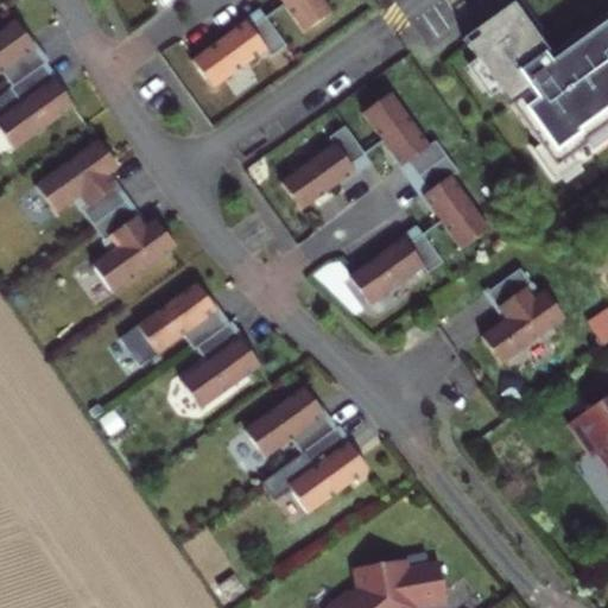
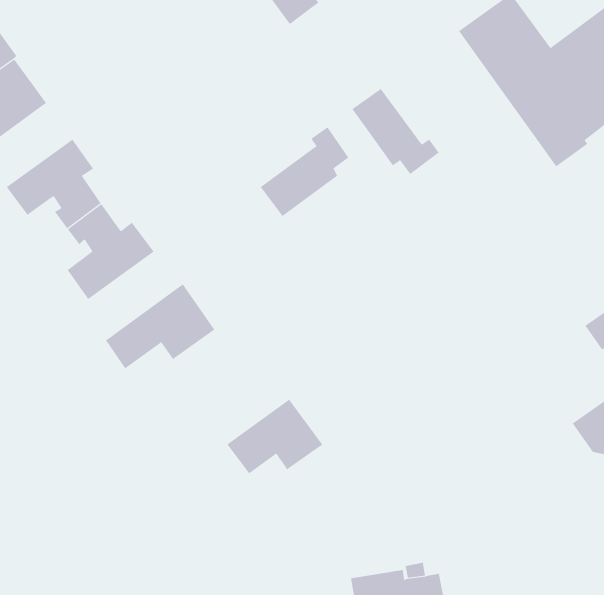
building: [190,14,285,87] -> none
building: [418,153,490,251] -> none
building: [341,227,444,310] -> none
building: [483,270,568,367] -> none
building: [178,321,265,412] -> none
building: [287,431,368,518] -> none

